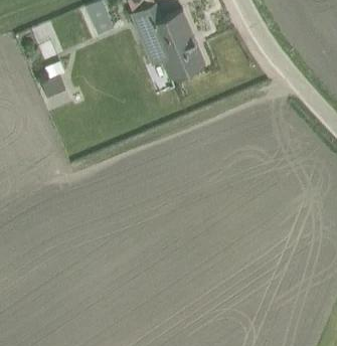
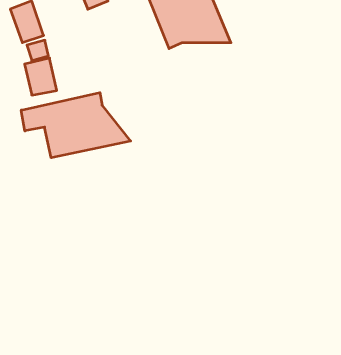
building: none -> [21,93,131,158]

